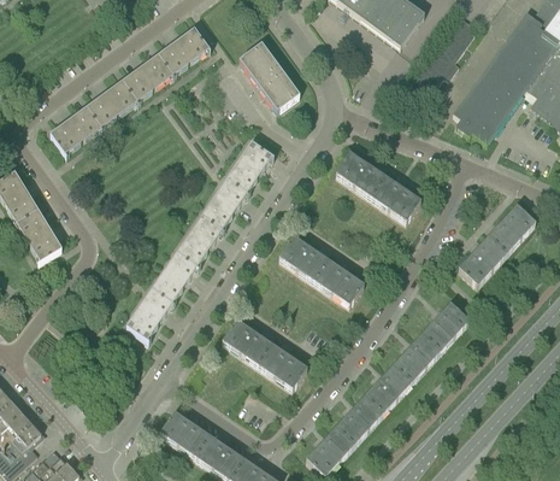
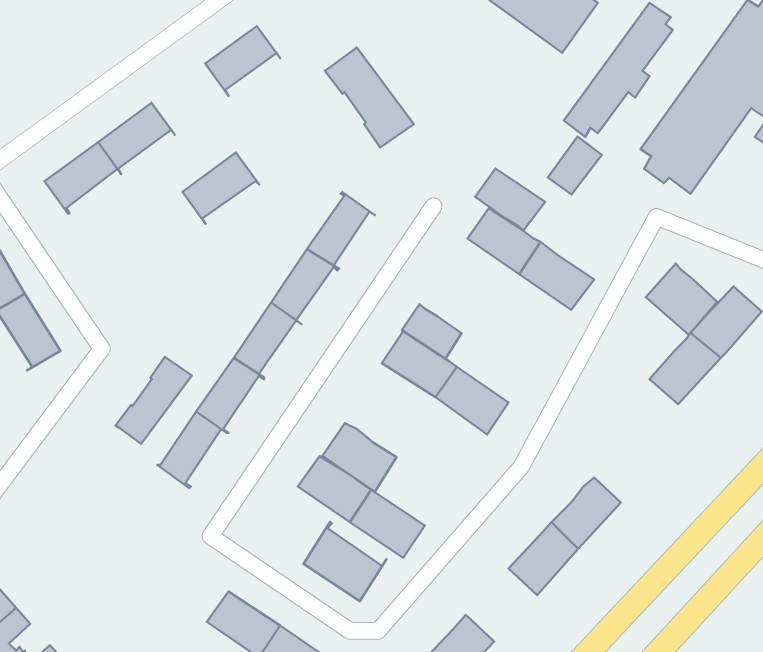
building: [123,54,175,102] -> [182,152,259,224]
building: none -> [548,137,602,194]
building: none -> [475,168,545,231]
building: none -> [646,264,717,335]
building: none -> [402,304,462,359]
building: none -> [115,357,192,444]
building: none -> [323,423,397,492]
building: [422,303,468,351] -> none
building: none -> [304,522,386,601]
building: [335,395,383,445] -> none

